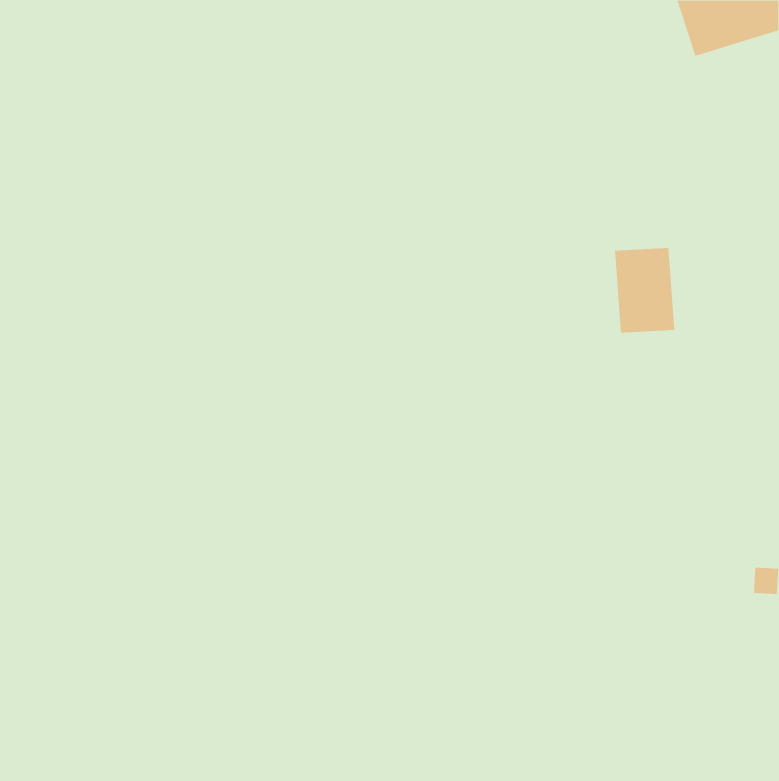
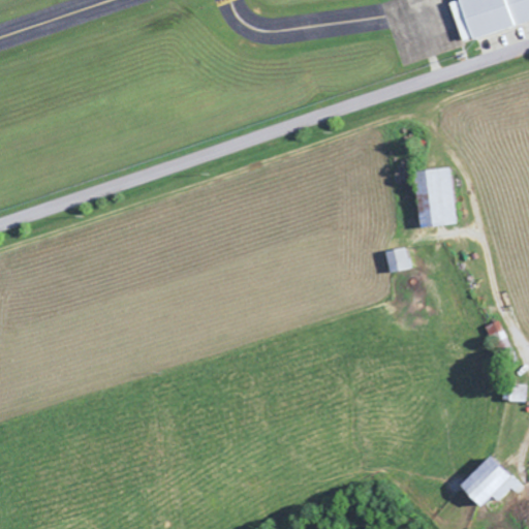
building: none -> [386,248,410,272]
building: none -> [459,455,523,505]

